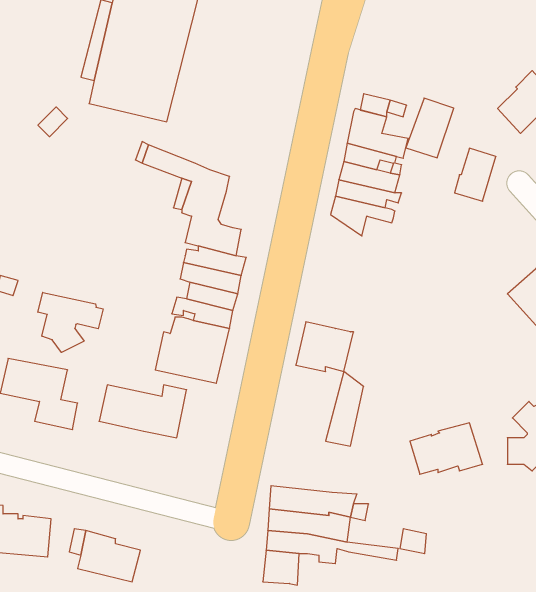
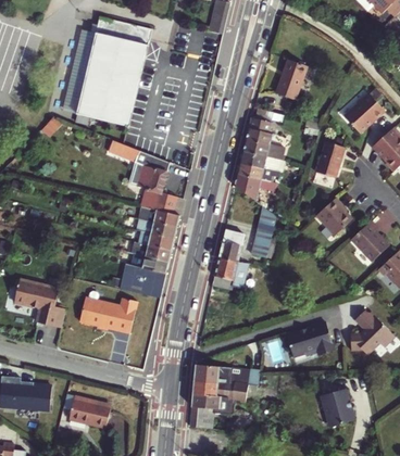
building: [406,98,454,158] -> [275,60,307,99]
building: none -> [316,198,352,236]
building: none -> [218,229,245,262]
building: [38,292,103,352] -> none
building: [326,372,364,446] -> [251,206,276,255]
building: none -> [322,389,354,428]

